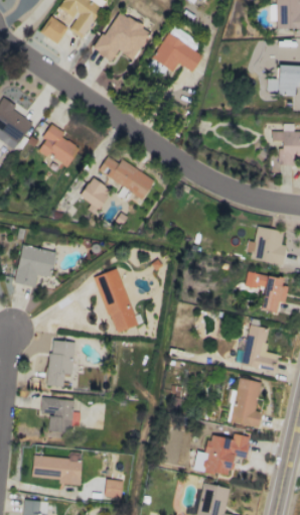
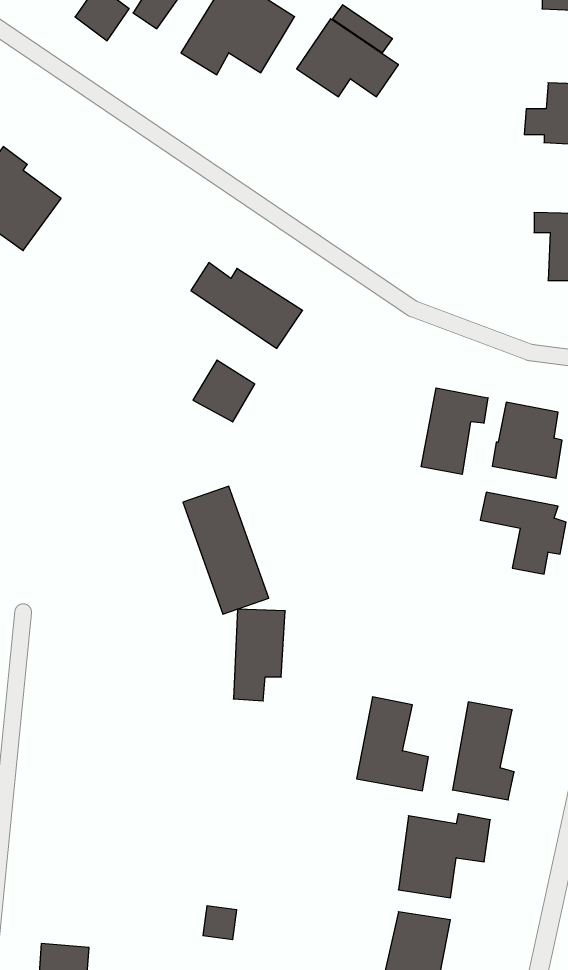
building: [38,124,80,167] -> none
building: [80,177,111,209] -> [193,360,255,422]
building: none -> [421,388,488,474]
building: [14,245,56,288] -> none
building: [242,325,278,372] -> [357,697,428,791]
building: [48,341,74,387] -> [233,609,285,701]
building: [40,397,73,433] -> none
building: [32,453,82,486] -> none

